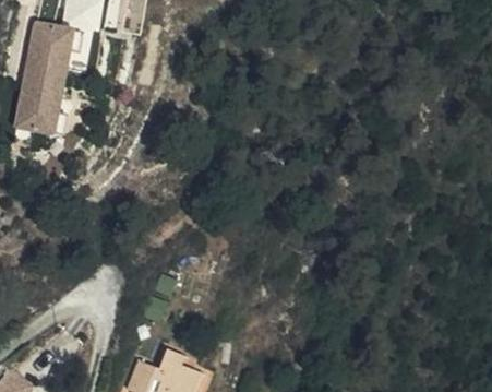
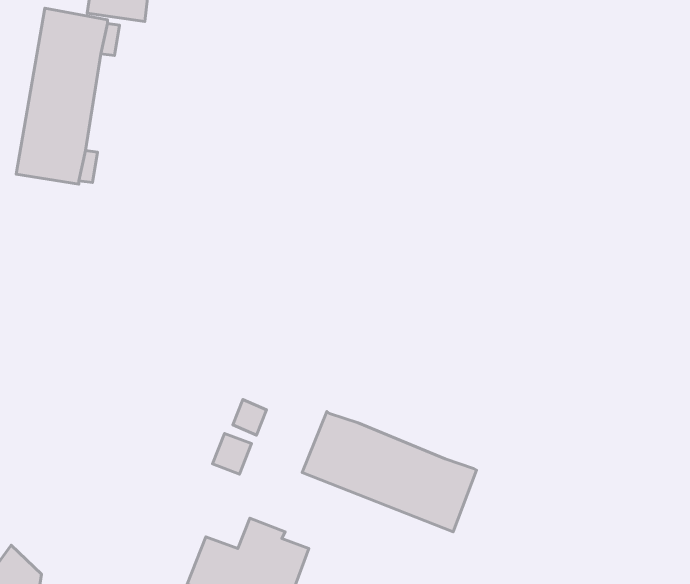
building: none -> [302,412,476,532]

